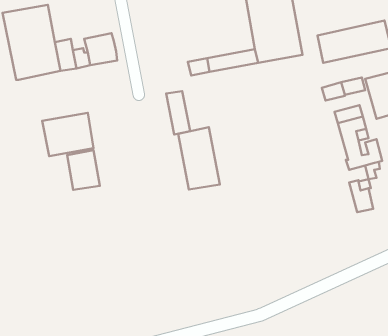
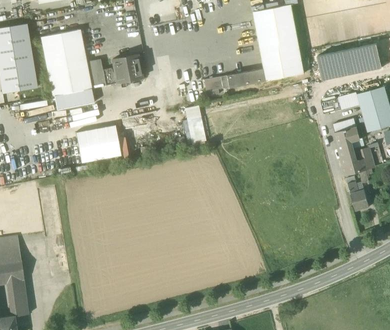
building: none -> [54,88,94,110]
building: [178,127,220,190] -> none
building: [67,150,100,190] -> none

